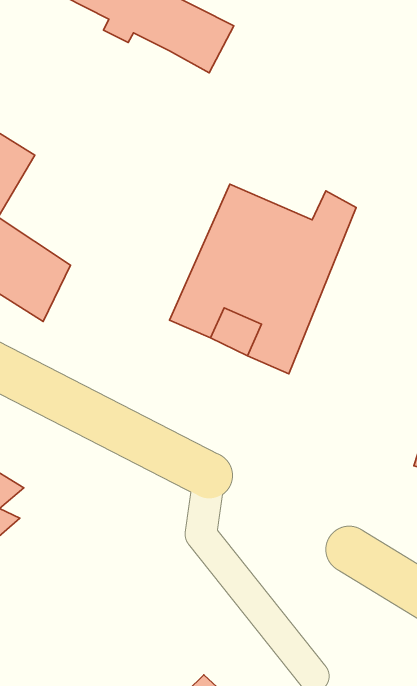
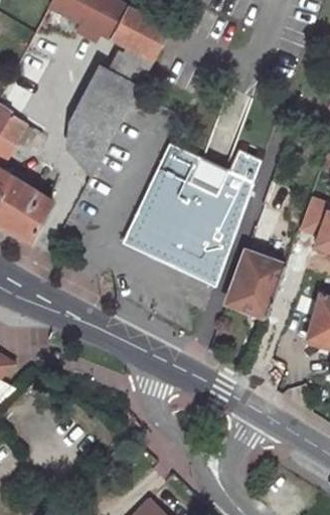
building: none -> [76,45,154,173]
building: none -> [225,250,285,318]

